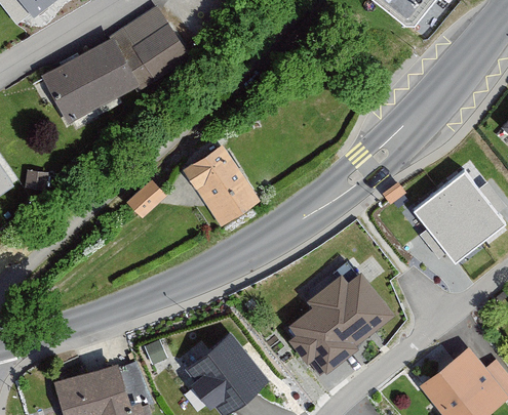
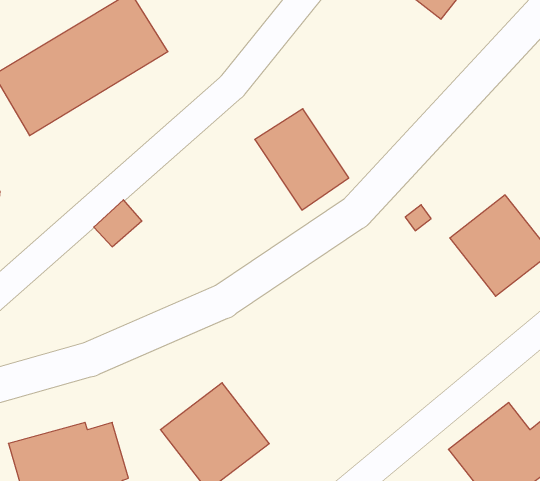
building: [181,144,259,229] -> [255,109,349,210]
building: [287,273,397,375] -> none

